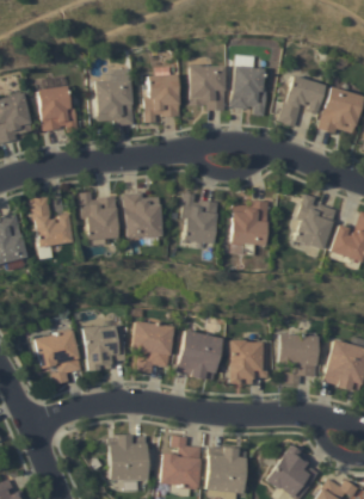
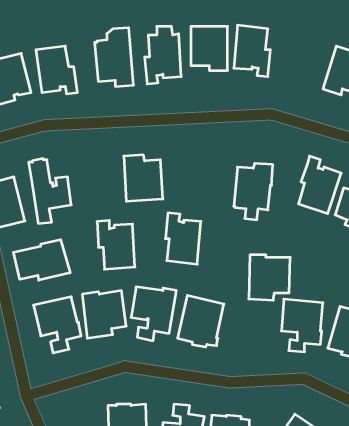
building: [277,75,325,127] -> none
building: [80,192,117,240] -> [97,220,135,269]
building: [181,193,216,244] -> [165,213,201,264]
building: none -> [13,240,70,280]
building: [228,340,269,384] -> [249,255,290,300]

